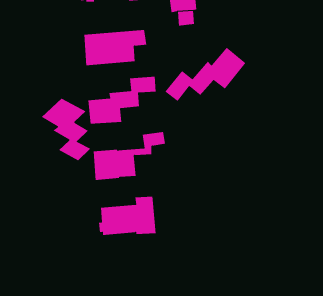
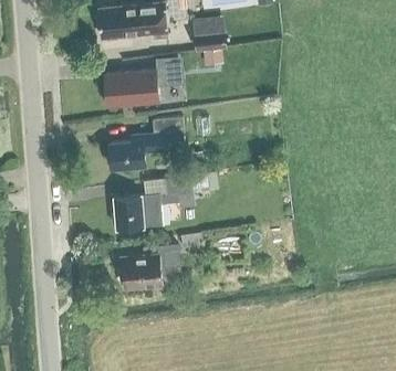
building: [164,47,246,102] -> none
building: [41,98,91,161] -> none

